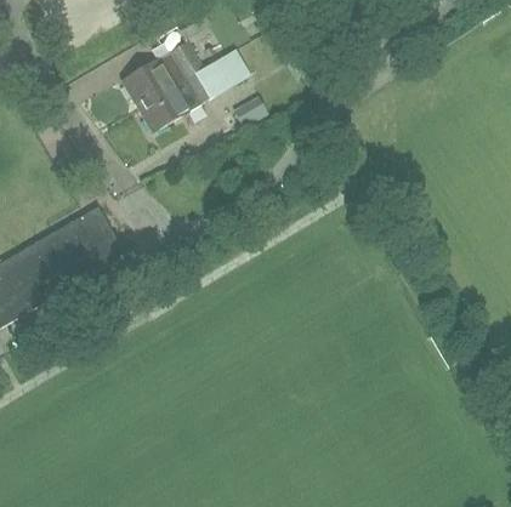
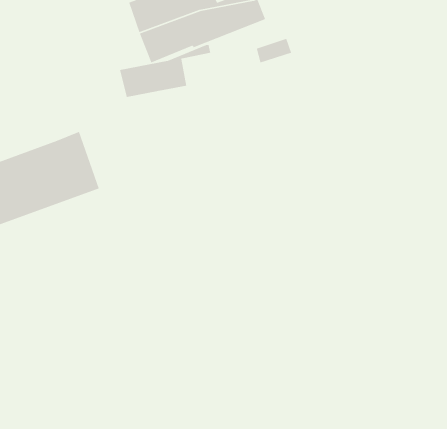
building: none -> [119,44,211,98]

